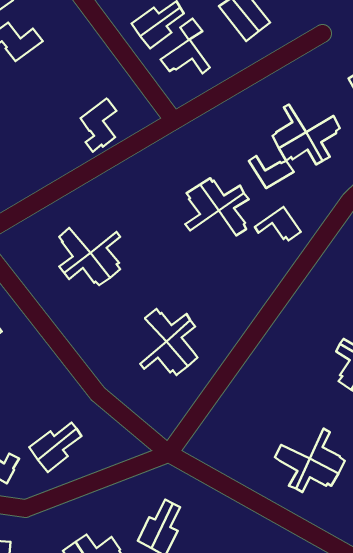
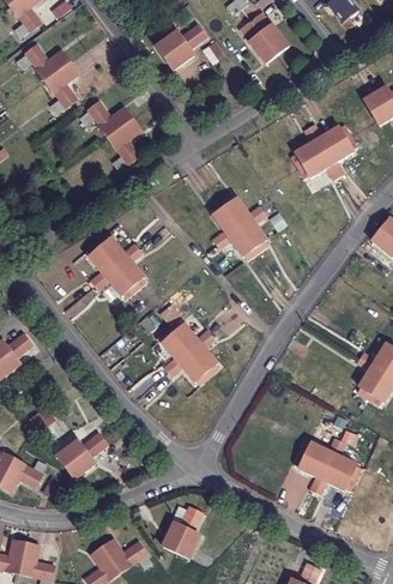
building: [160,39,210,73] -> none
building: none -> [44,64,79,114]
building: none -> [80,102,132,138]
building: [249,156,294,188] -> [307,120,350,151]
building: [255,207,301,240] -> [212,227,256,259]
building: none -> [96,235,141,267]
building: none -> [159,331,189,374]
building: none -> [300,434,340,465]

